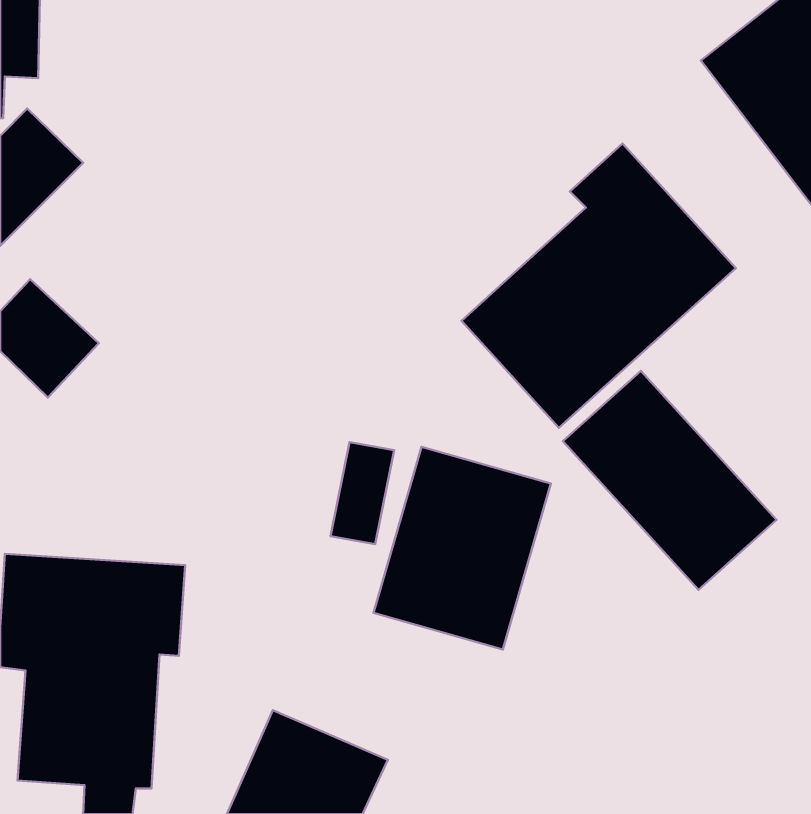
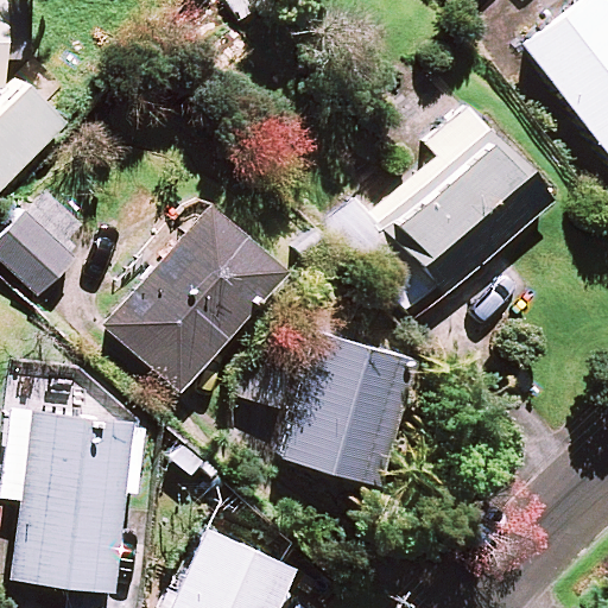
building: none -> [104,205,284,391]
building: [563,371,776,590] -> none

